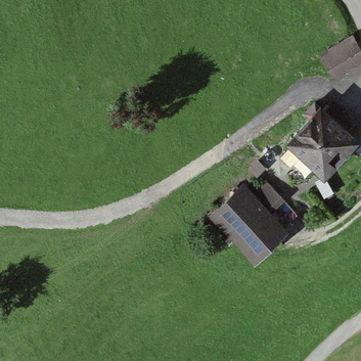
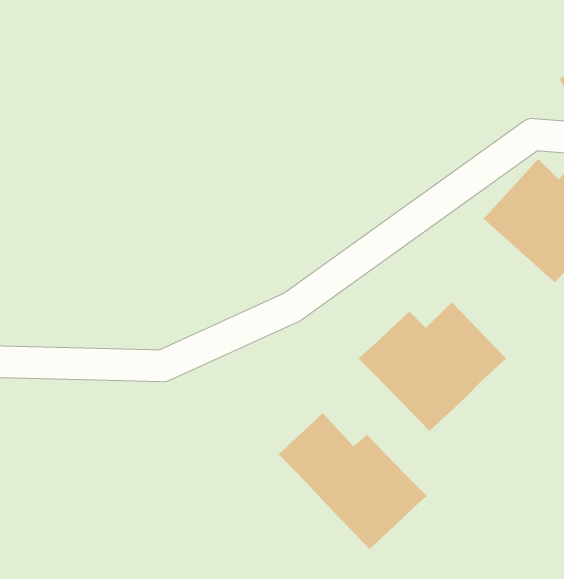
building: none -> [278,413,428,550]

